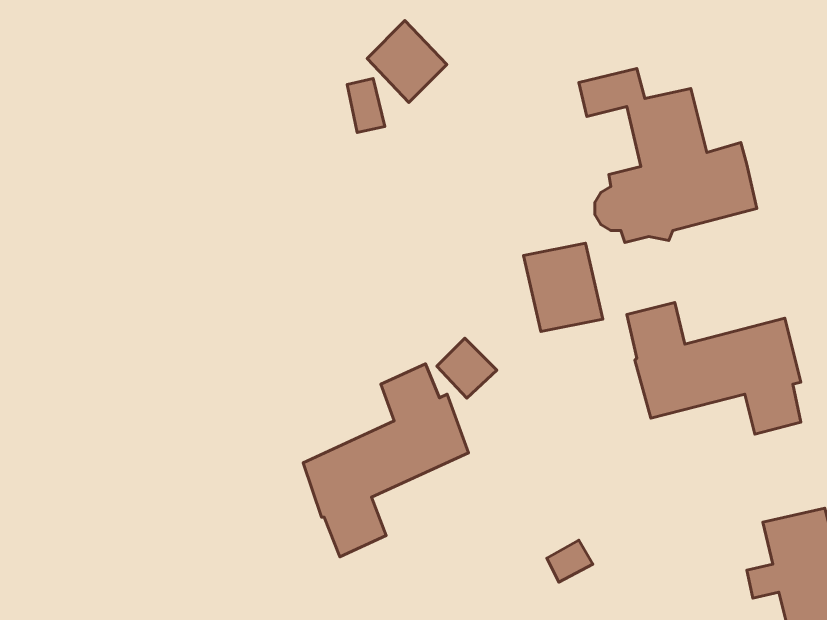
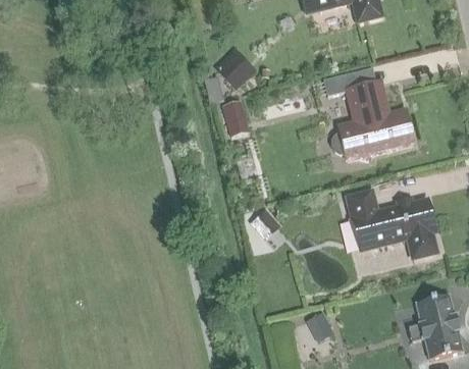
building: none -> [222,101,248,137]
building: [524,243,603,331] -> none
building: [303,364,469,557] -> none

